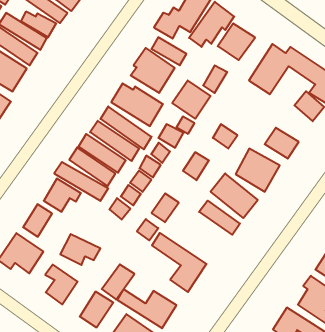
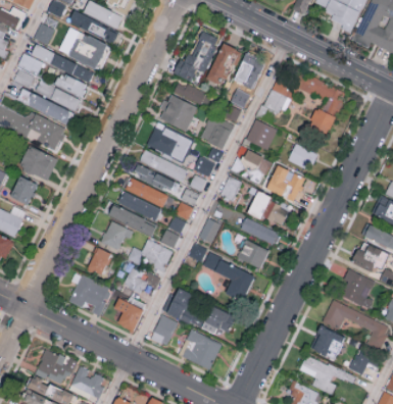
building: none -> [247,119,277,149]
building: none -> [130,240,173,272]
building: none -> [239,240,269,268]

